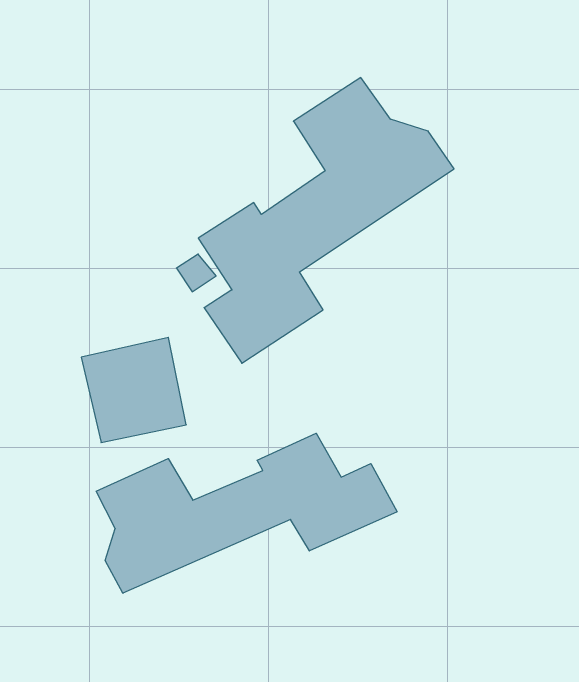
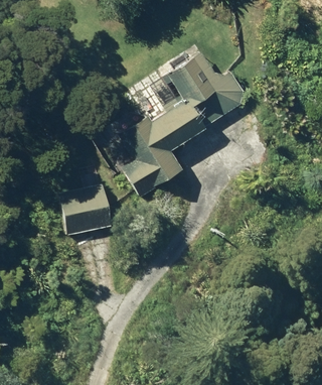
building: [96,433,397,593] -> none

